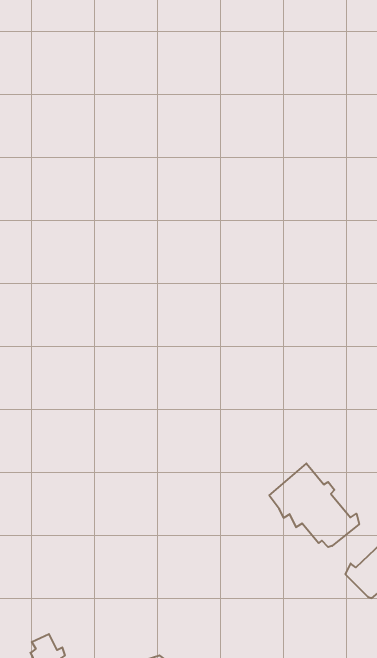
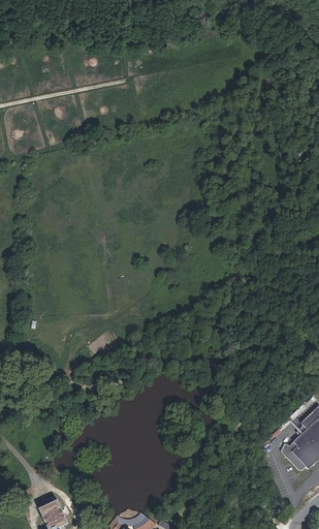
building: [269,463,359,547] -> none

